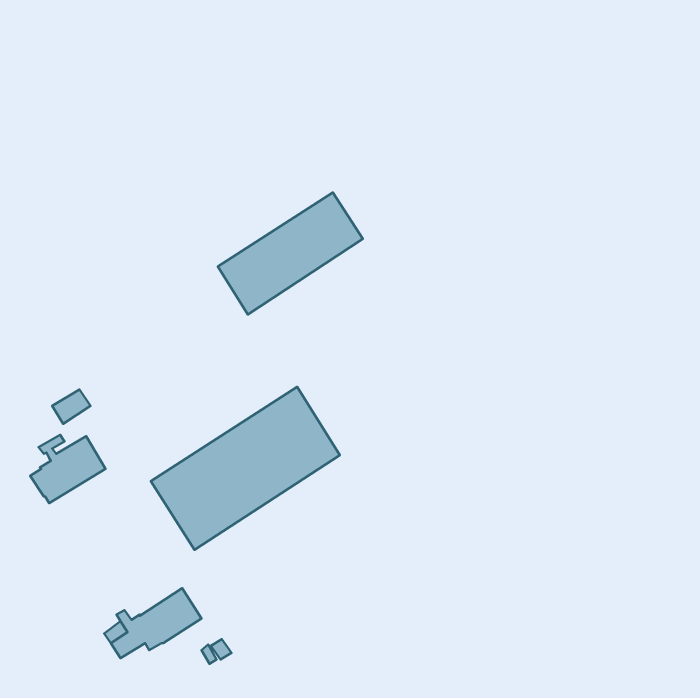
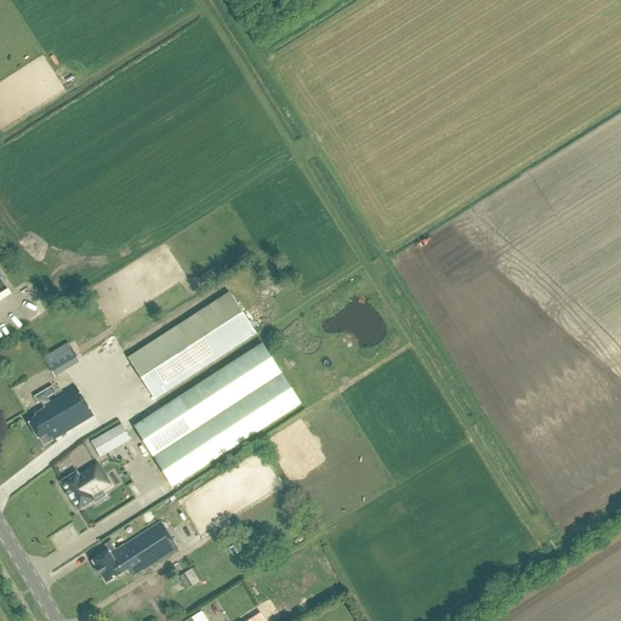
building: [218,192,363,314] -> [127,291,256,399]
building: none -> [91,423,130,456]
building: none -> [62,463,109,508]

